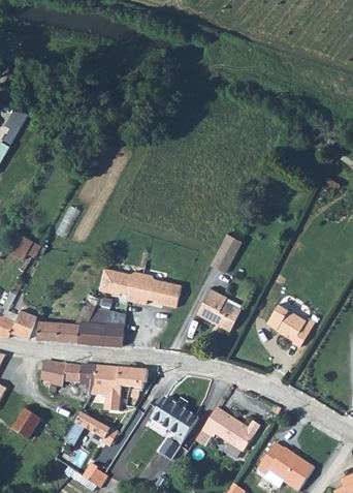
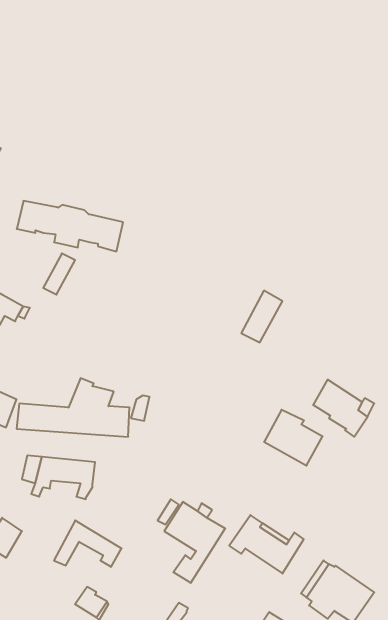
building: [99,268,182,307] -> [17,201,123,251]
building: [196,288,242,332] -> [264,410,323,466]
building: [90,366,148,411] -> none

